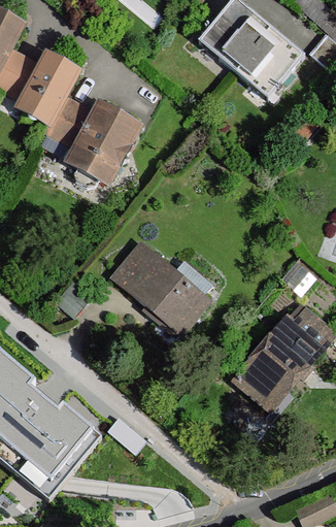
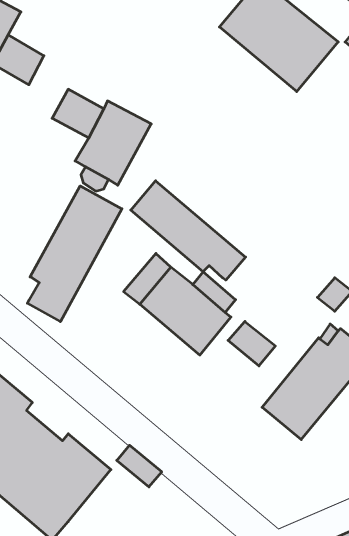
building: [20,57,75,122] -> none
building: none -> [131,181,246,280]
building: none -> [27,186,122,322]
building: none -> [228,321,275,366]

